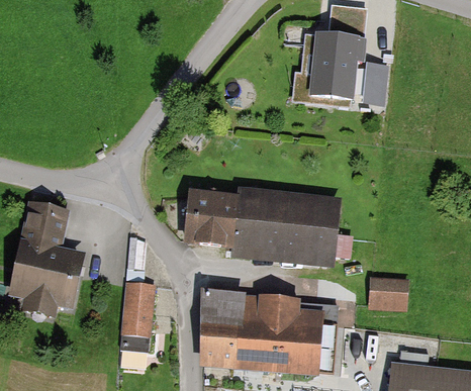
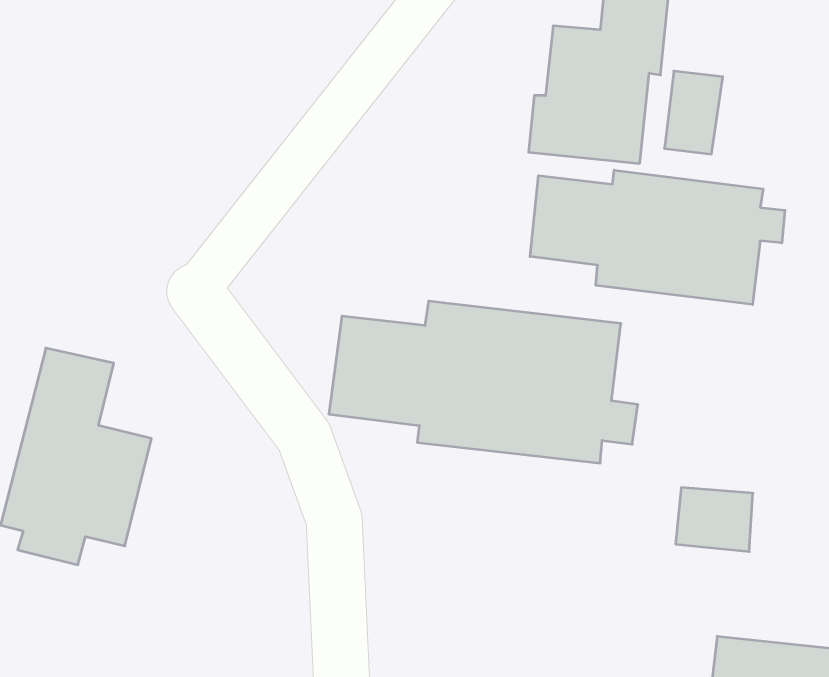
building: none -> [530,170,785,305]
building: [121,285,154,349] -> none
building: [204,290,328,375] -> none

